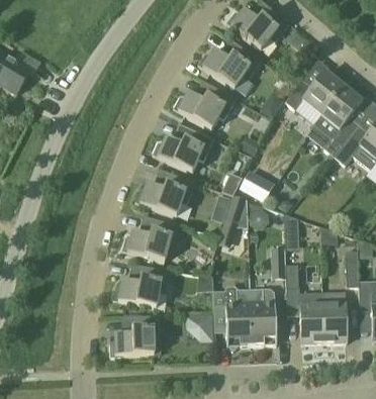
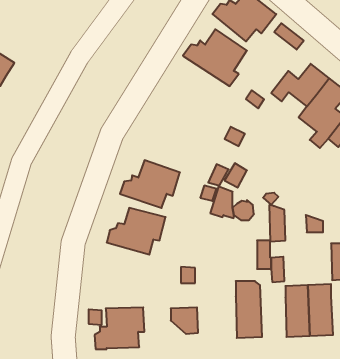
building: [174,80,237,129] -> none
building: [153,123,214,173] -> none
building: [113,264,169,308] -> none
building: [213,286,252,346] -> none

